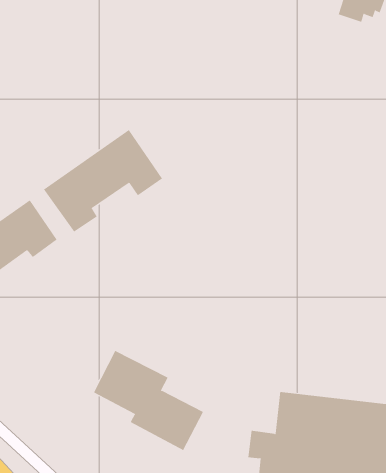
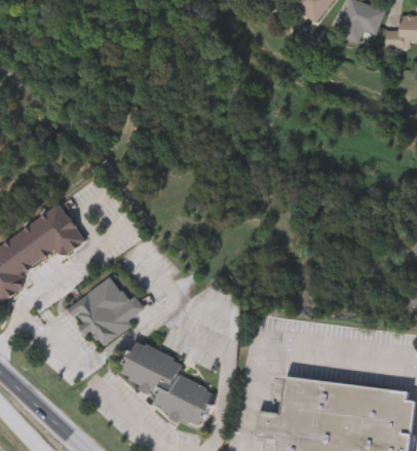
building: [43,129,163,232] -> none
building: none -> [66,278,147,346]

